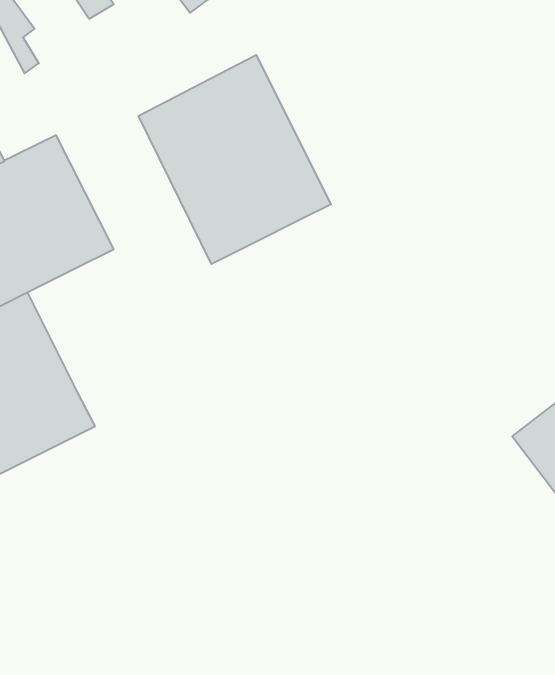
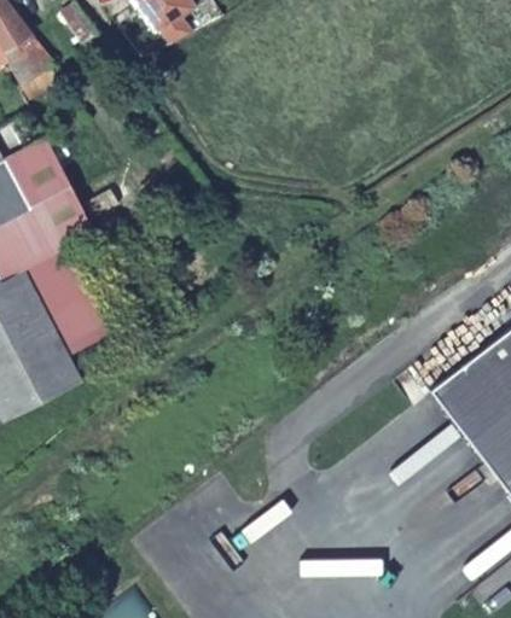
building: [138,55,331,264] -> none
building: none -> [24,250,105,354]

